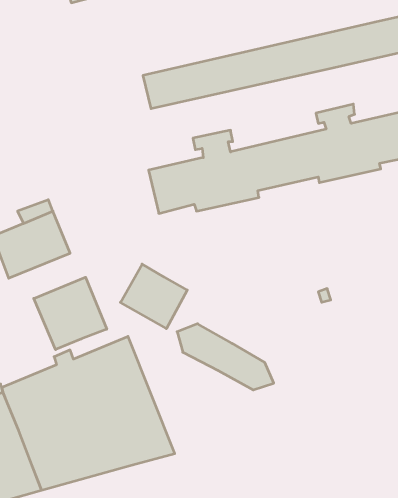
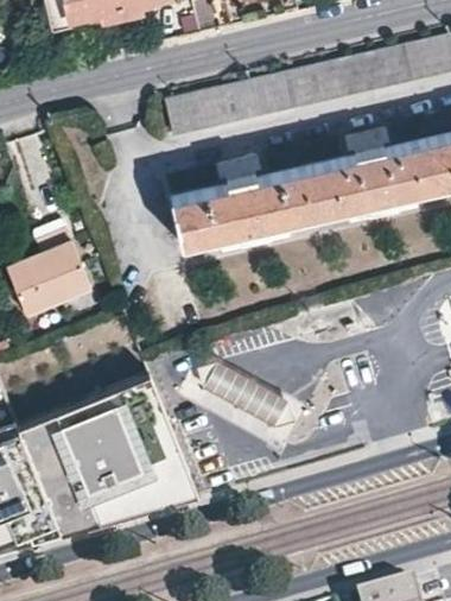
building: [120,264,187,329] -> none
building: [34,277,107,350] -> none

